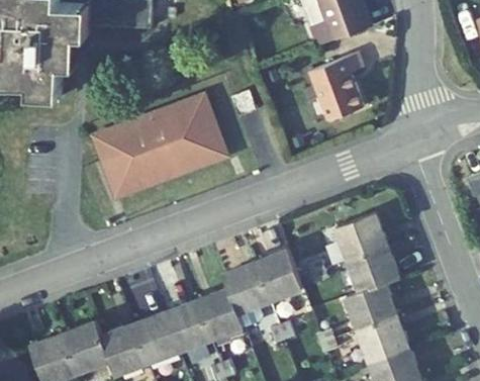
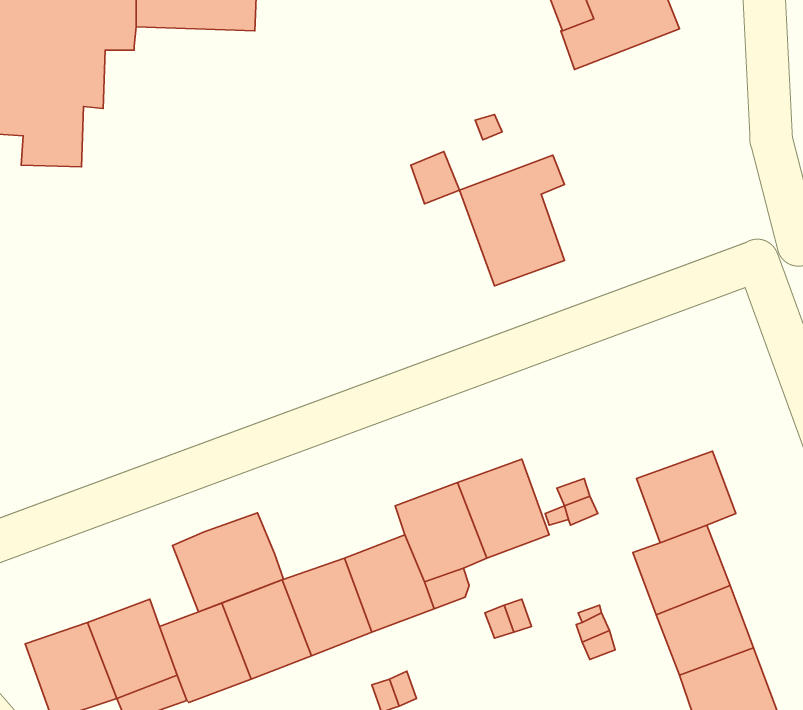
building: [308,53,363,120] -> [459,155,565,286]
building: [98,99,221,191] -> none
building: [335,212,387,259] -> none
building: none -> [173,513,284,612]

